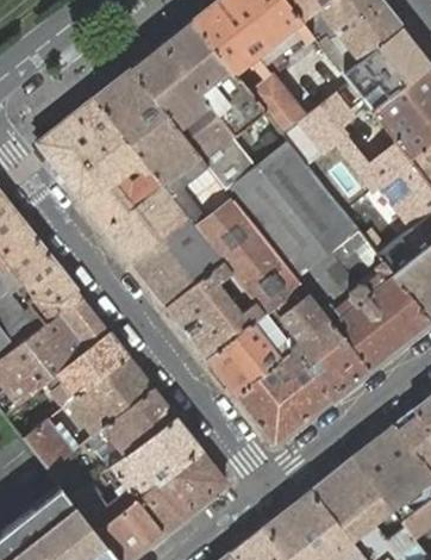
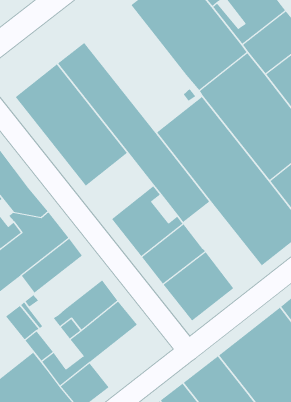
building: [130,19,266,191] -> none
building: [131,218,223,307] -> none
building: [277,294,368,400] -> none
building: [68,356,154,436] -> none
building: [137,449,227,534] -> none

